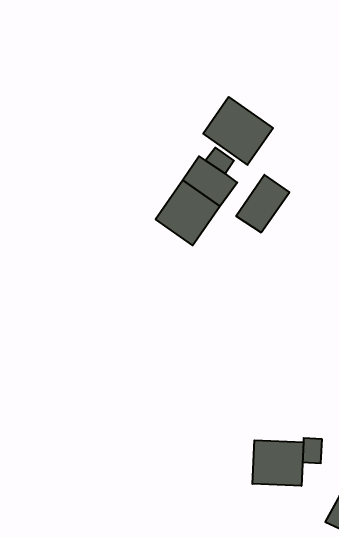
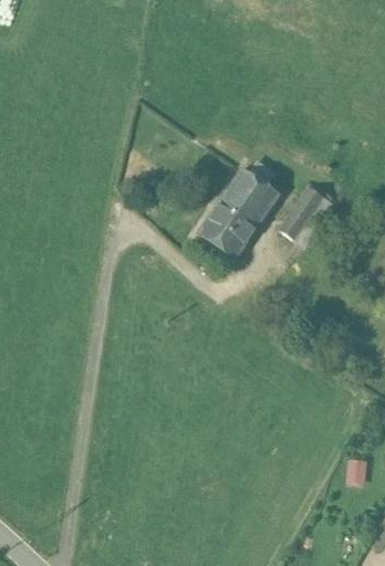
building: [203,97,273,165] -> none
building: [252,440,303,486] -> none

